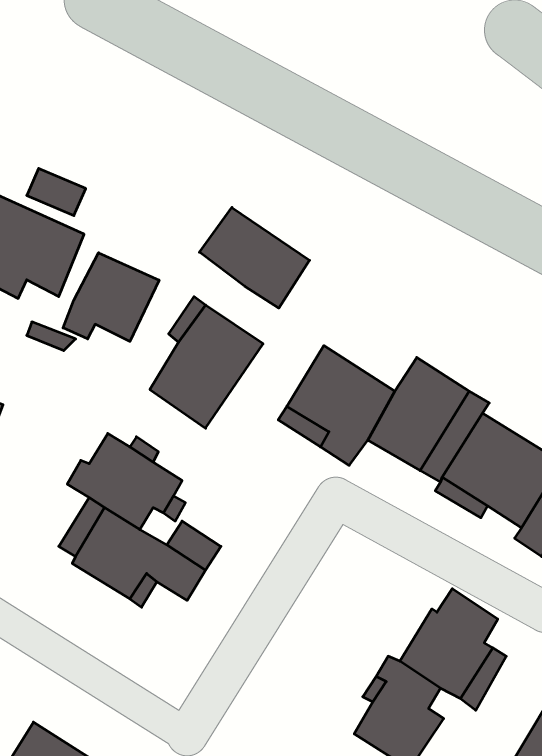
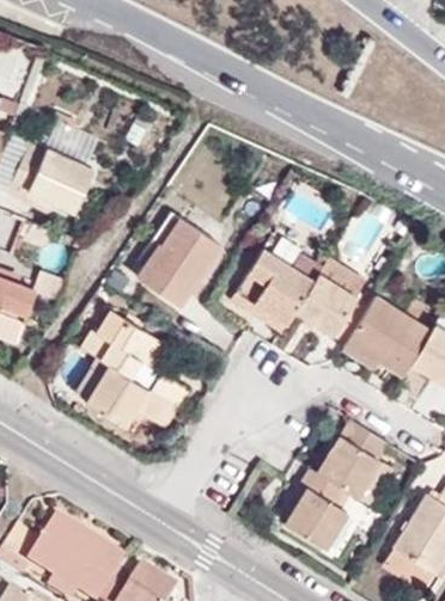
building: [199,207,310,308] -> none
building: [63,253,159,341] -> none

